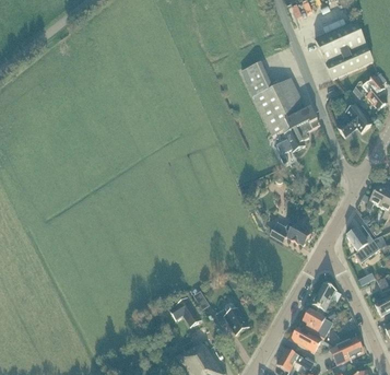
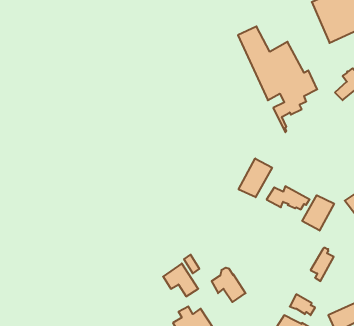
building: none -> [239,158,272,197]
building: none -> [302,195,334,231]
building: [304,310,333,341] -> none

